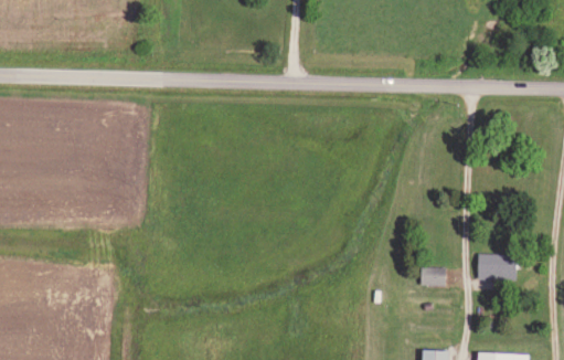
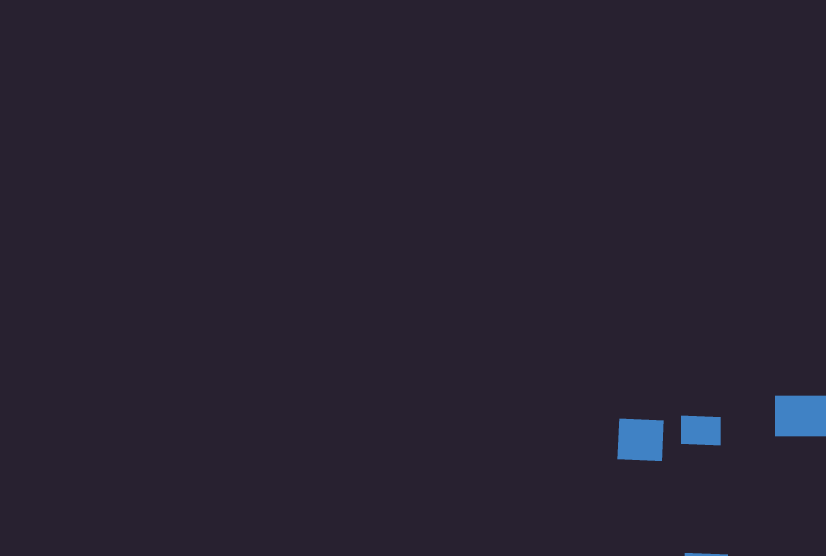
building: none -> [617,418,664,462]

